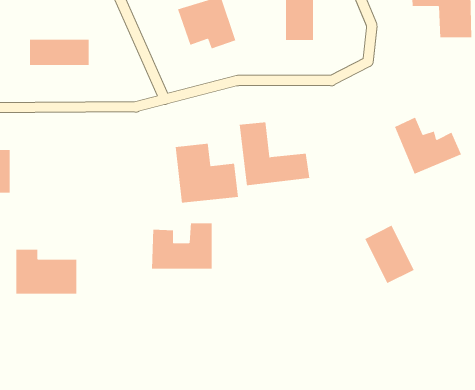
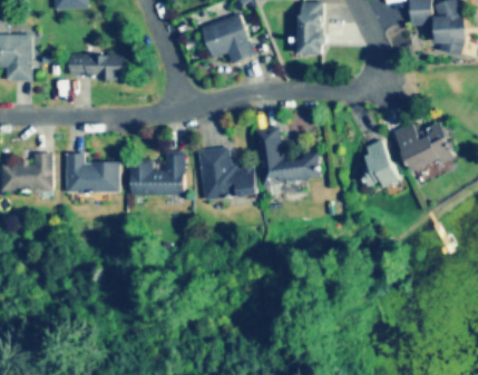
building: [151,223,213,269] -> [130,154,185,195]
building: [364,225,415,284] -> [357,140,401,193]
building: [16,249,77,294] -> [66,152,120,193]

